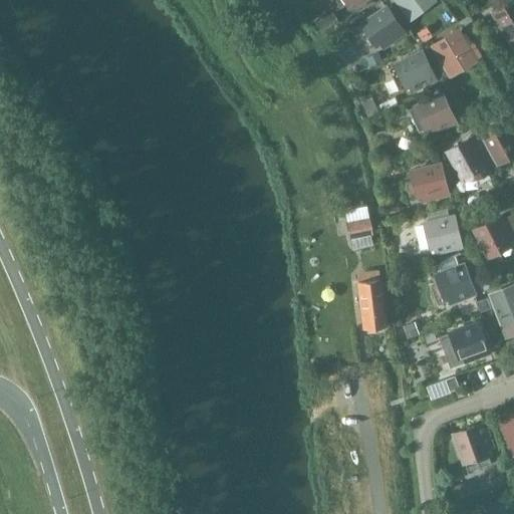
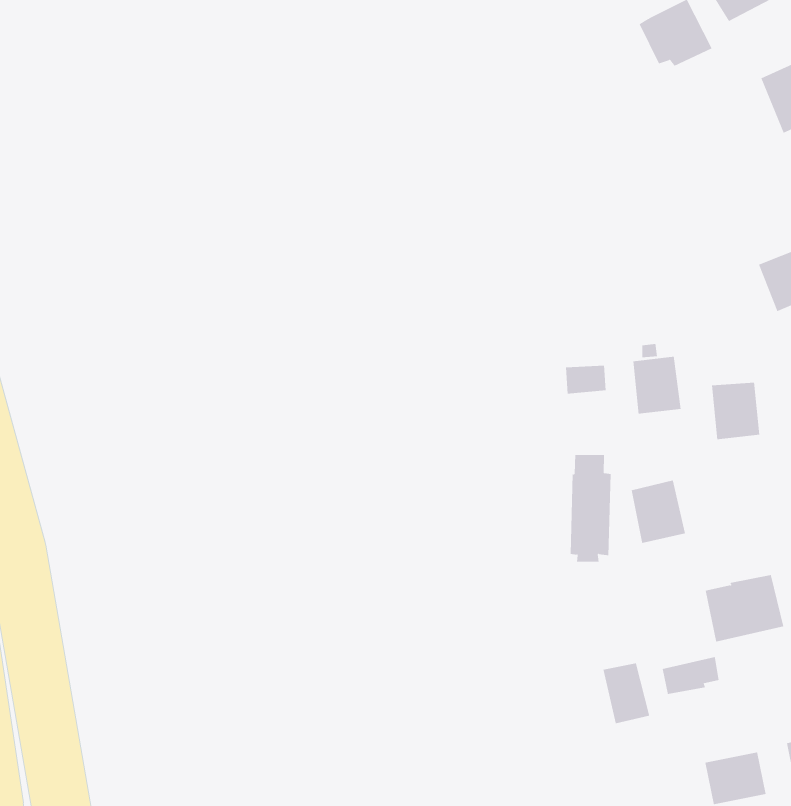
building: [390,52,435,90] -> none
building: [409,94,455,133] -> none
building: [417,166,448,201] -> [632,356,681,414]
building: [441,265,475,303] -> [631,480,686,544]
building: none -> [603,663,650,724]

